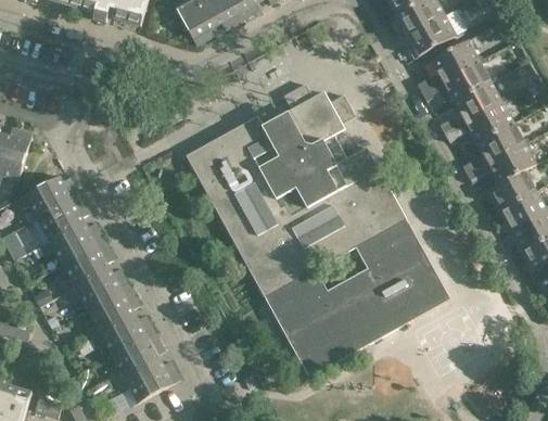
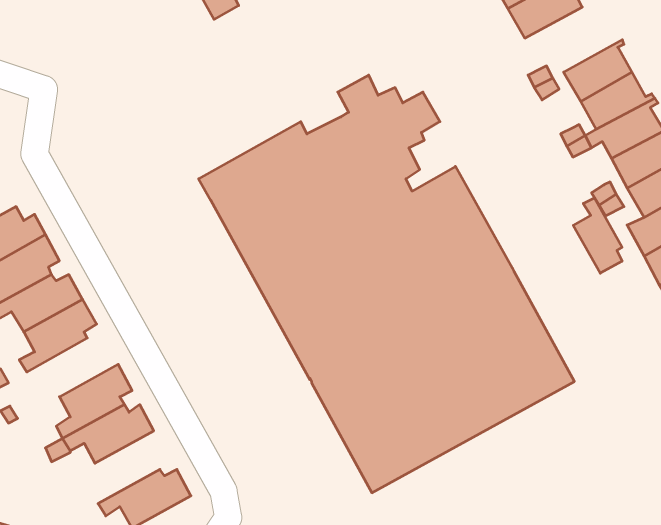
building: [431,40,484,81] -> none
building: none -> [573,198,622,273]
building: [66,268,130,309] -> none
building: [112,333,165,384] -> none

